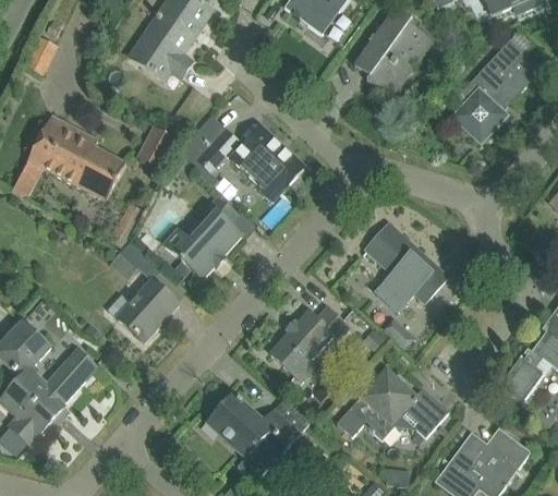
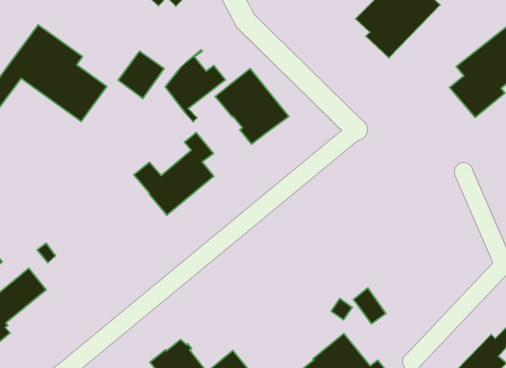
building: [364,221,448,310] -> none
building: [107,240,185,342] -> none
building: [269,306,348,382] -> none

